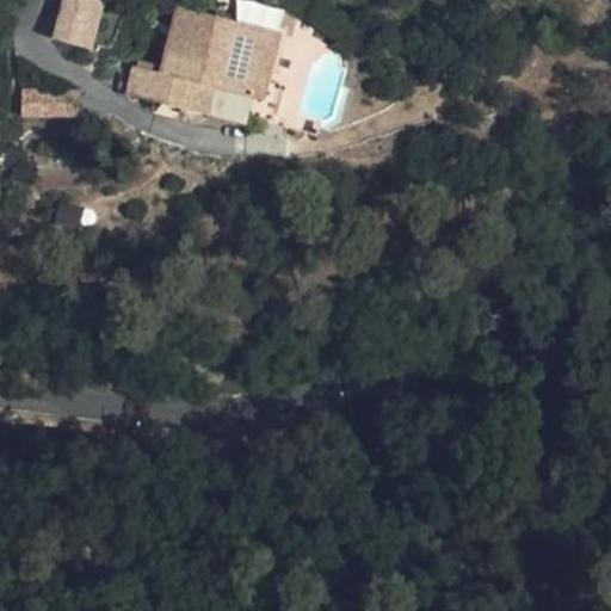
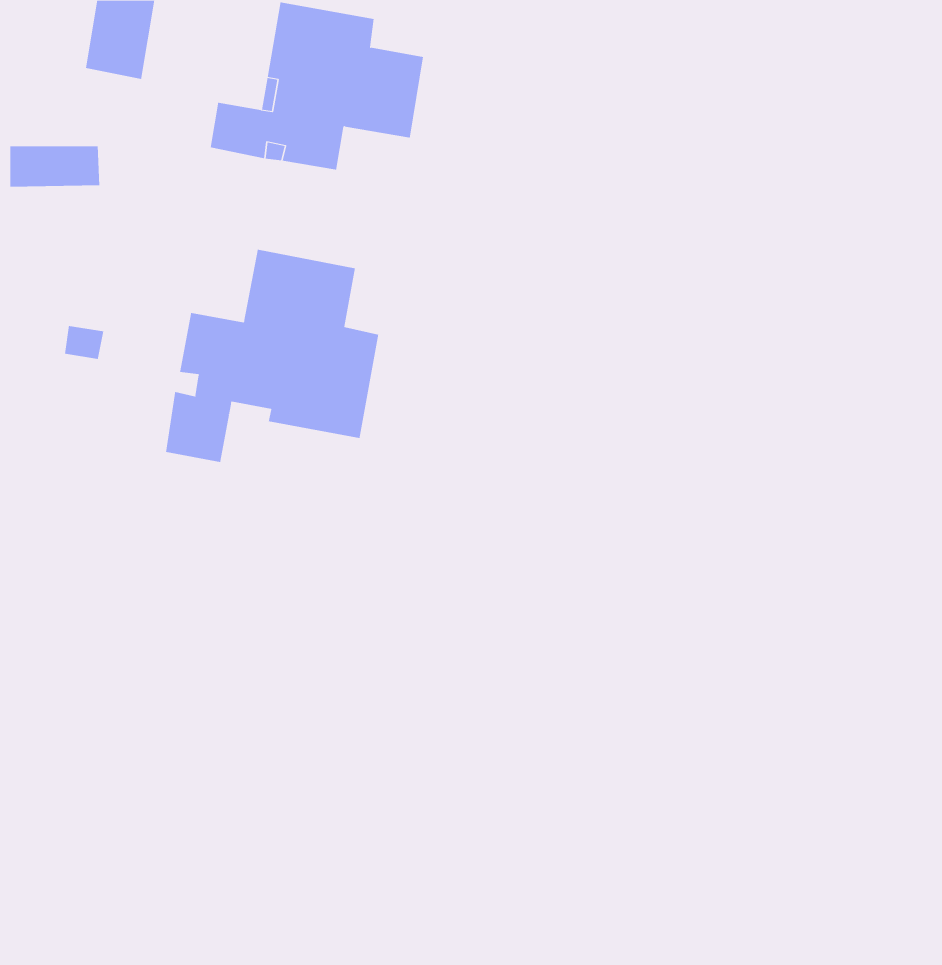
building: [212,13,285,116] -> none
building: none -> [166,249,379,463]

